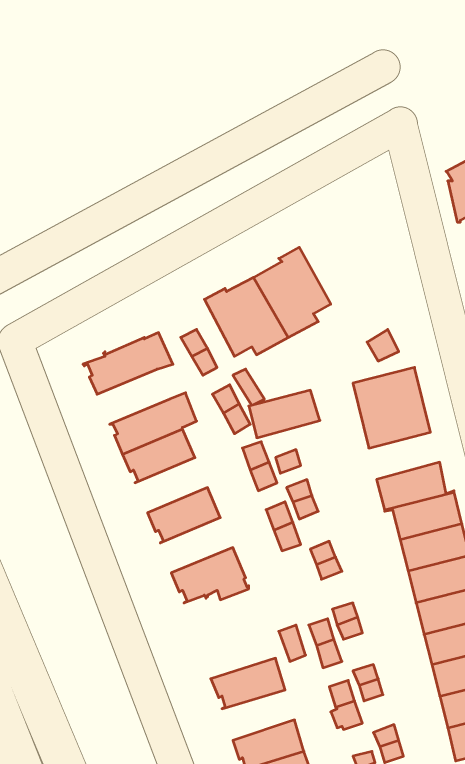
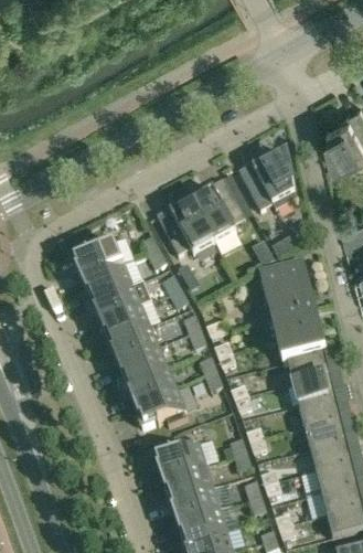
building: none -> [238,153,298,210]
building: none -> [82,264,132,302]
building: [249,390,320,438] -> [271,308,321,341]
building: none -> [108,326,159,364]
building: none -> [126,368,177,406]
building: none -> [153,437,206,480]
building: none -> [169,488,220,523]

